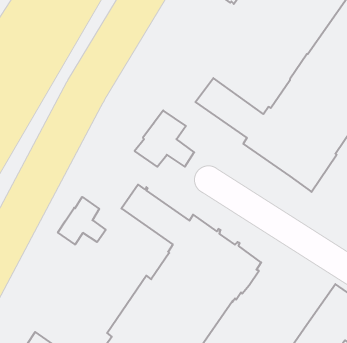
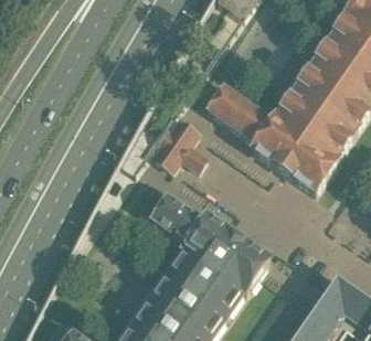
building: [58,197,106,245] -> none

